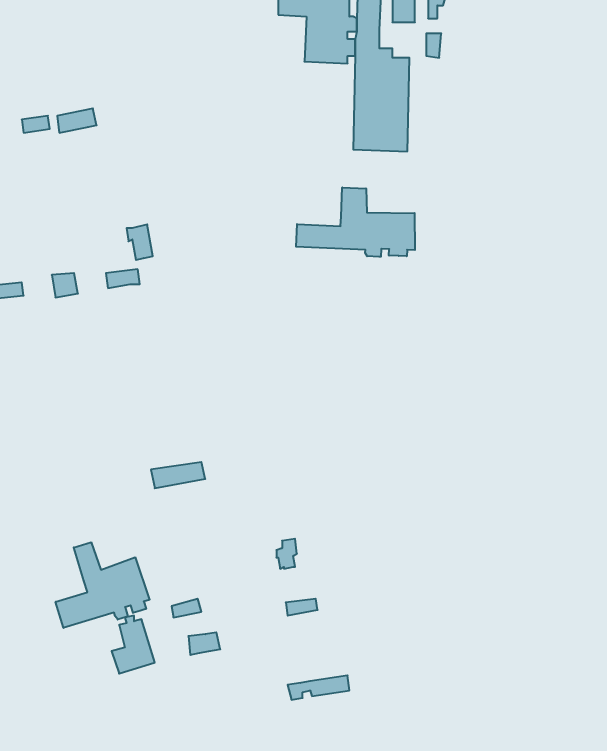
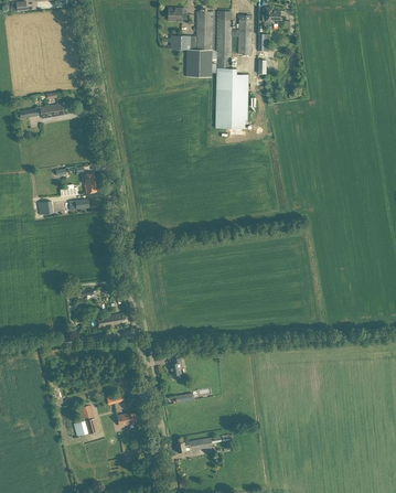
building: [296,187,415,257] -> none
building: [56,542,150,628] -> none

